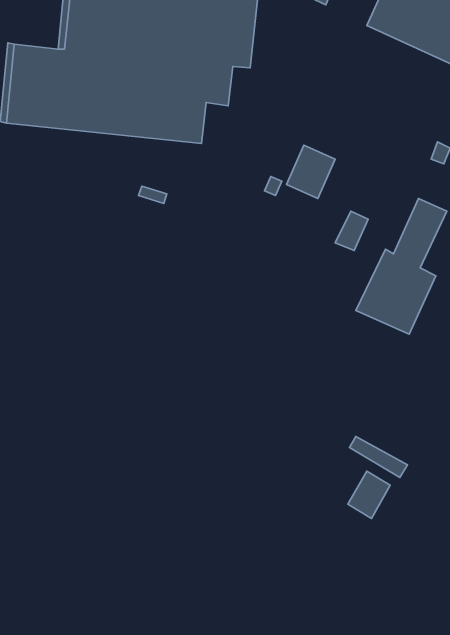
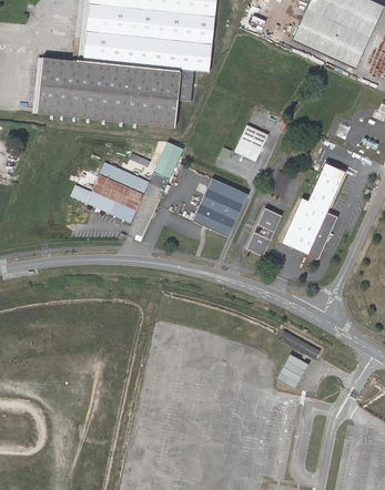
building: none -> [154,141,183,177]
building: none -> [72,161,149,222]
building: none -> [192,177,247,236]
building: none -> [247,208,283,256]

